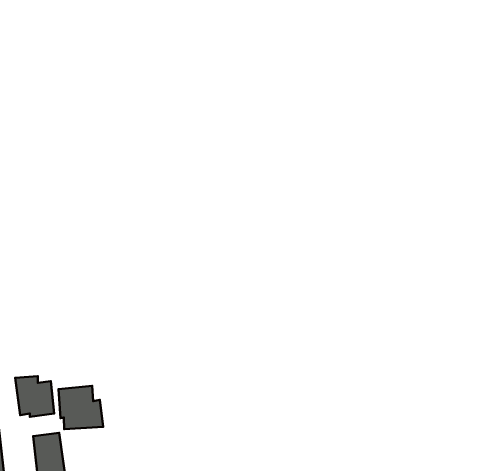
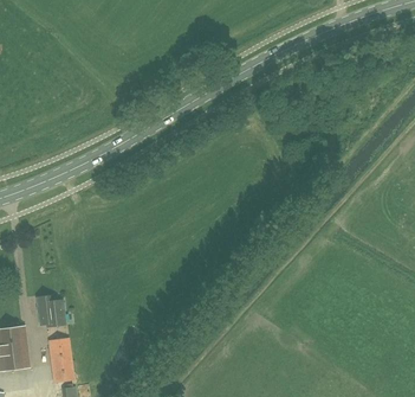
building: [58,386,103,429] -> none

